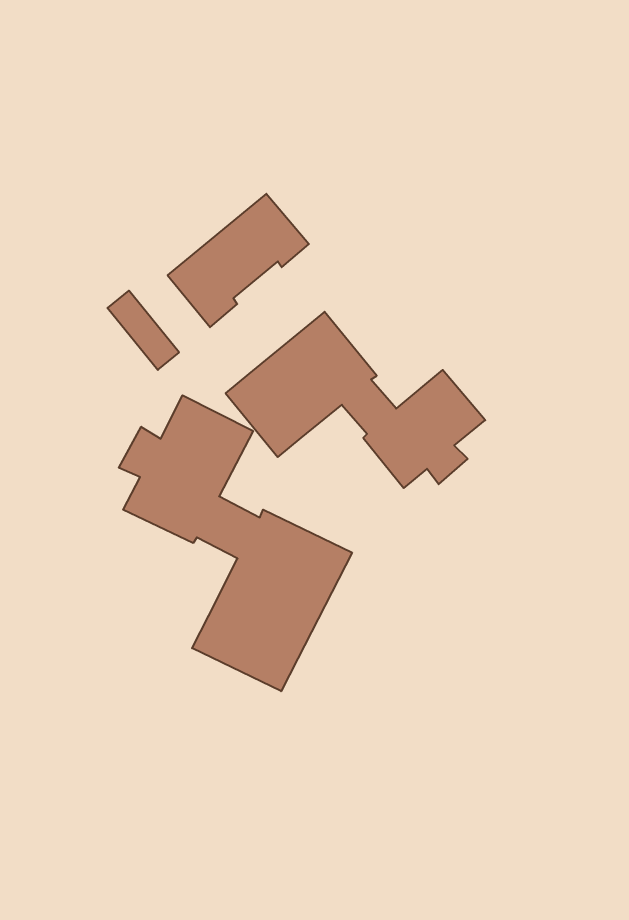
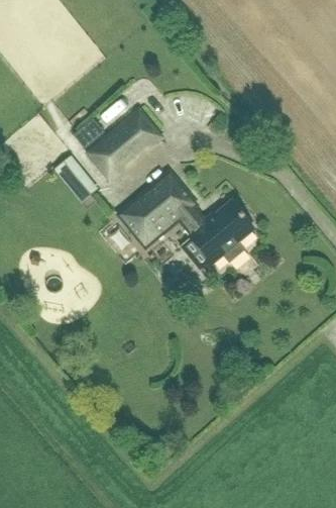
building: [119,395,352,691] -> none

